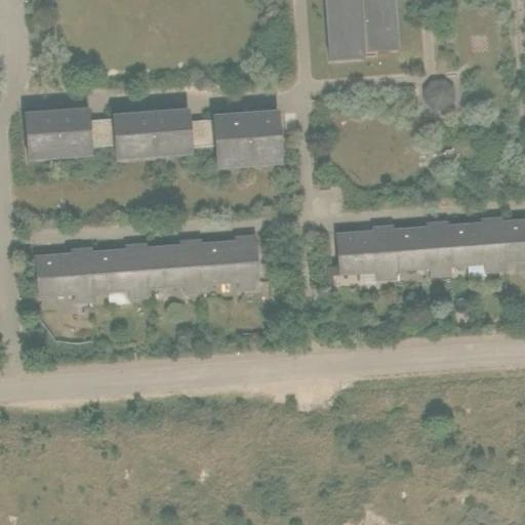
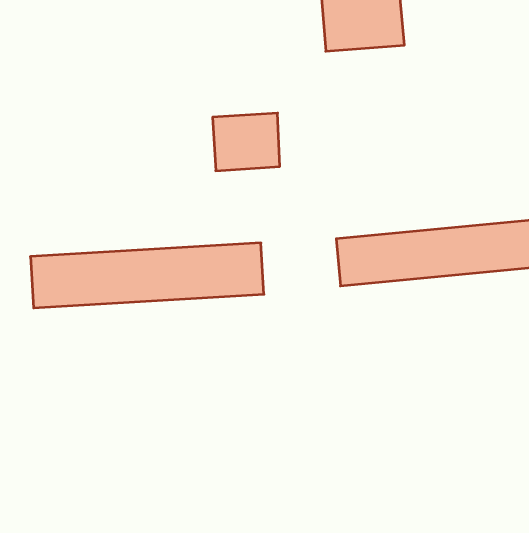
building: [23,103,97,161] -> none
building: [113,105,199,160] -> none

